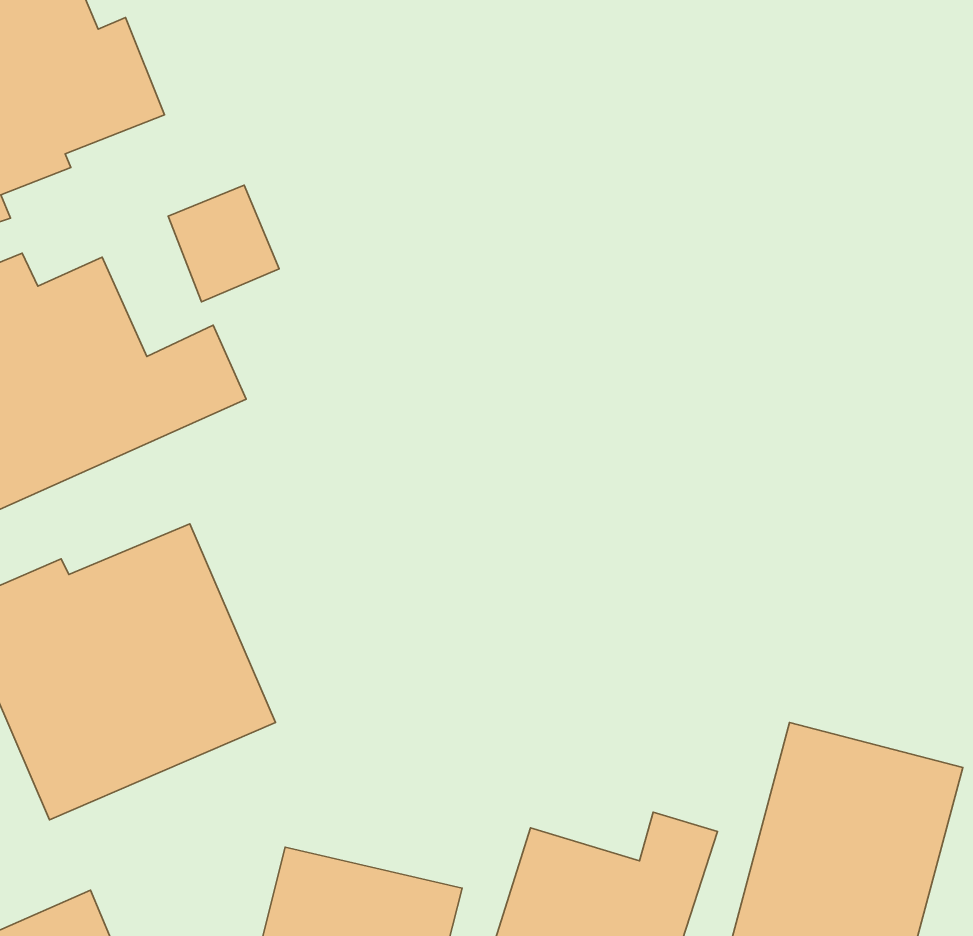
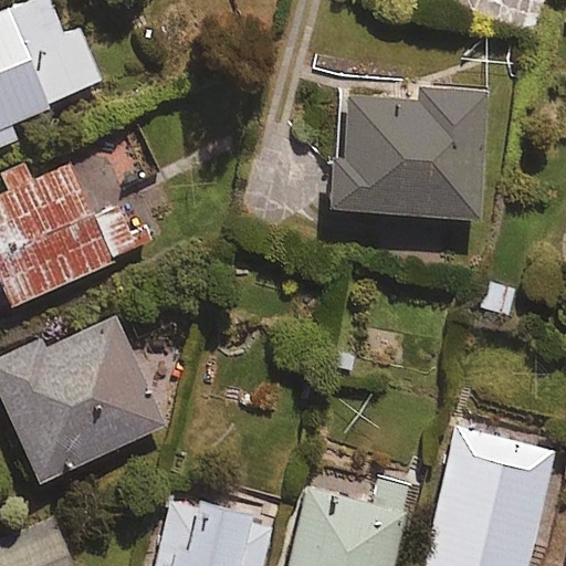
building: none -> [336,90,486,222]

